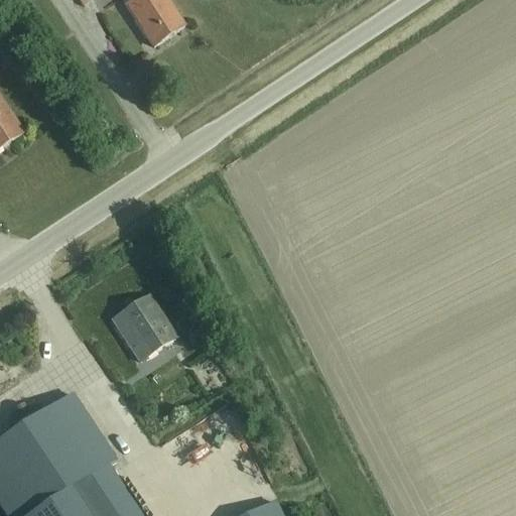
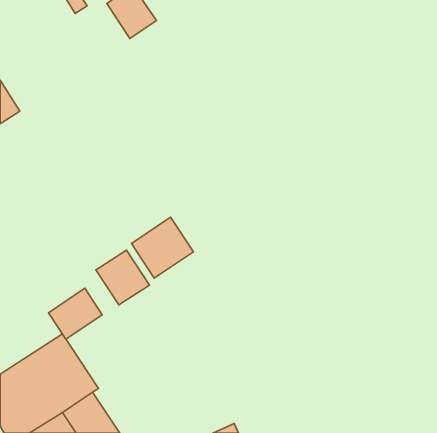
building: none -> [131,217,193,278]
building: none -> [48,288,102,339]

